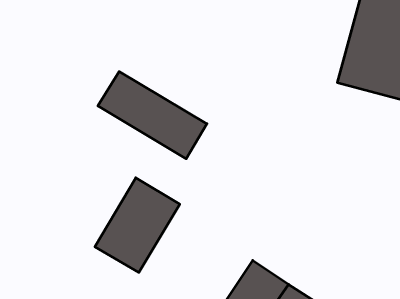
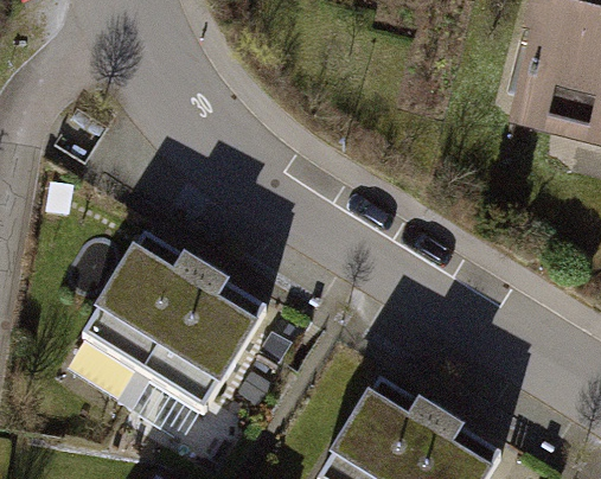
building: [98,72,207,159] -> none
building: none -> [81,236,204,375]

